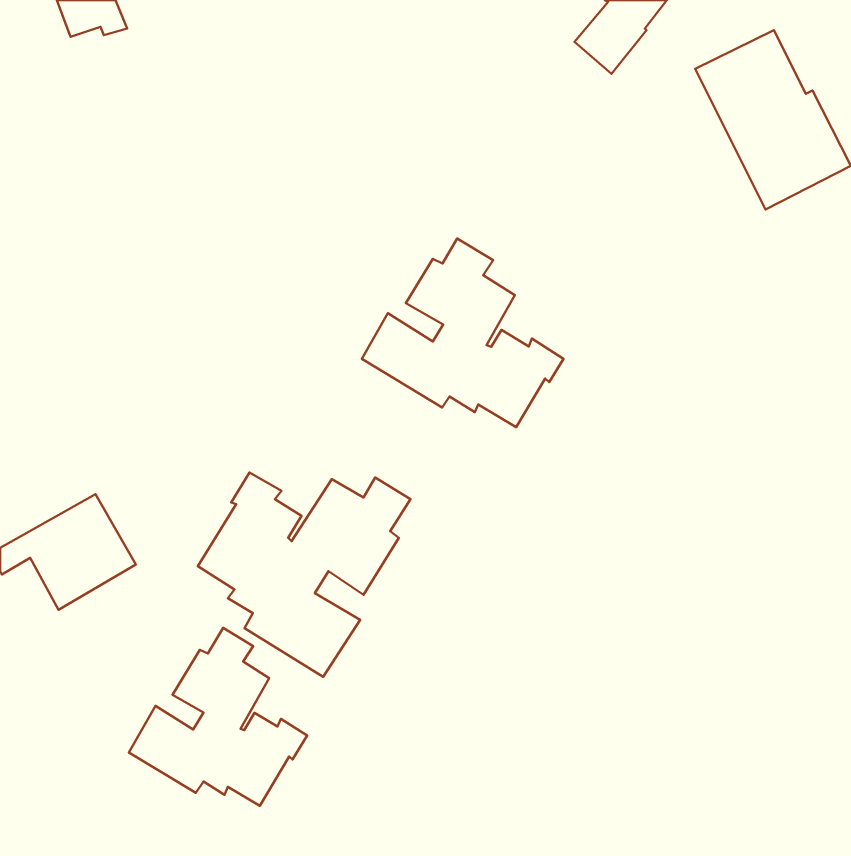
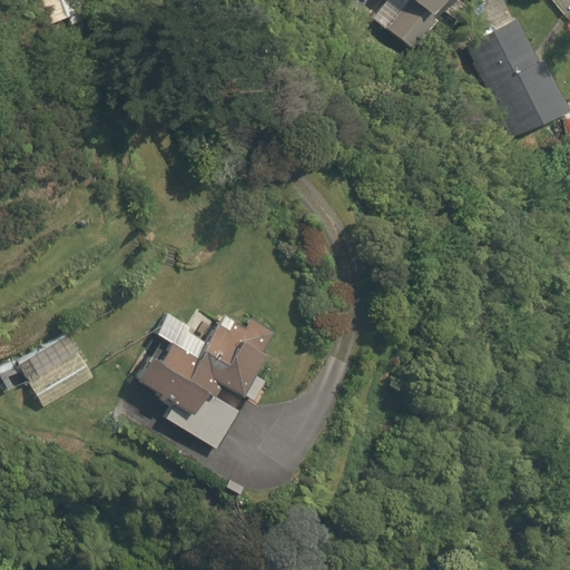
building: [362,238,563,427] -> none
building: [129,628,307,806] -> none

